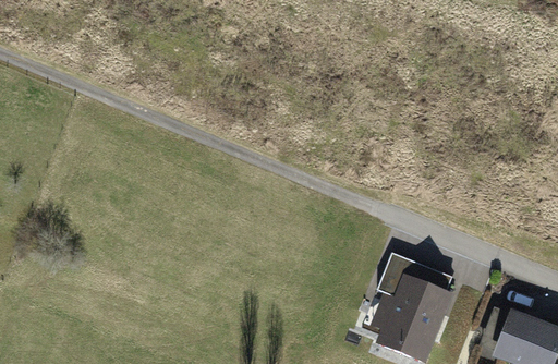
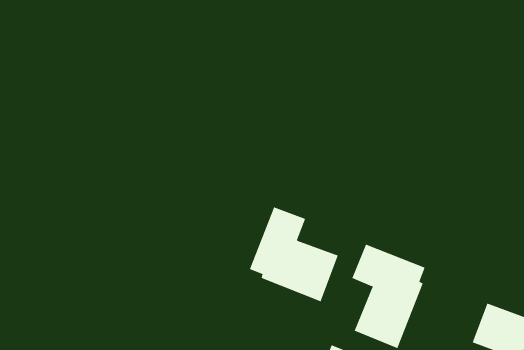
building: none -> [249,206,338,302]

